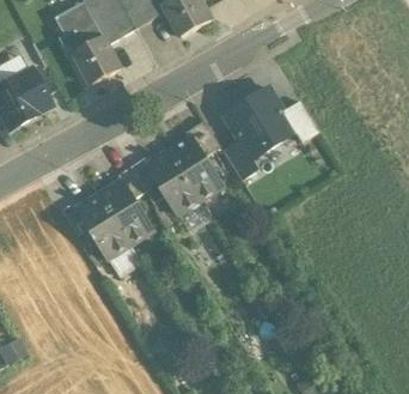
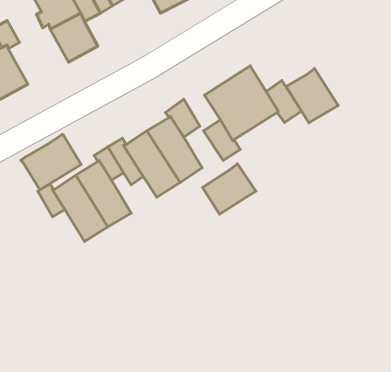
building: none -> [286,69,338,123]
building: none -> [21,134,81,190]
building: none -> [202,164,256,214]

